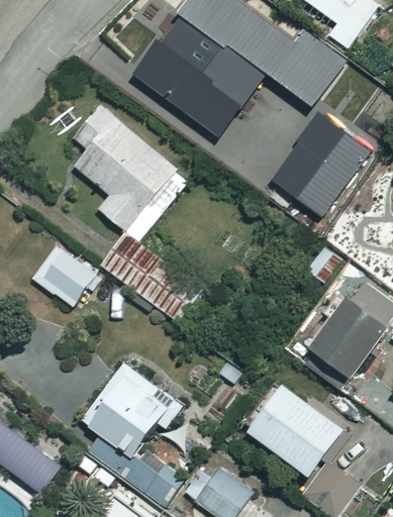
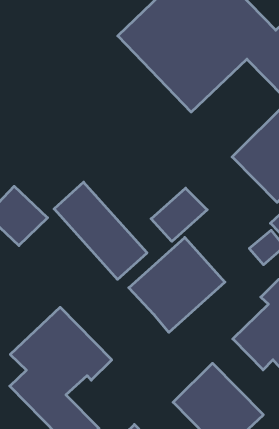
building: [72,104,186,240] -> none
building: none -> [151,188,207,241]
building: none -> [129,237,225,332]

